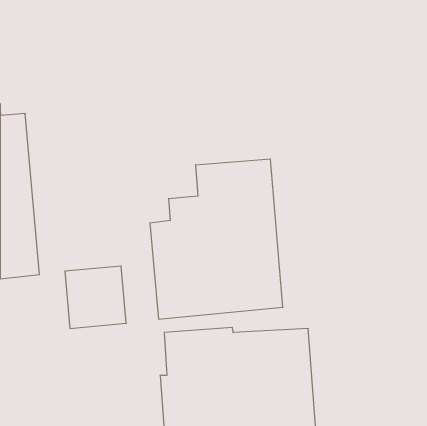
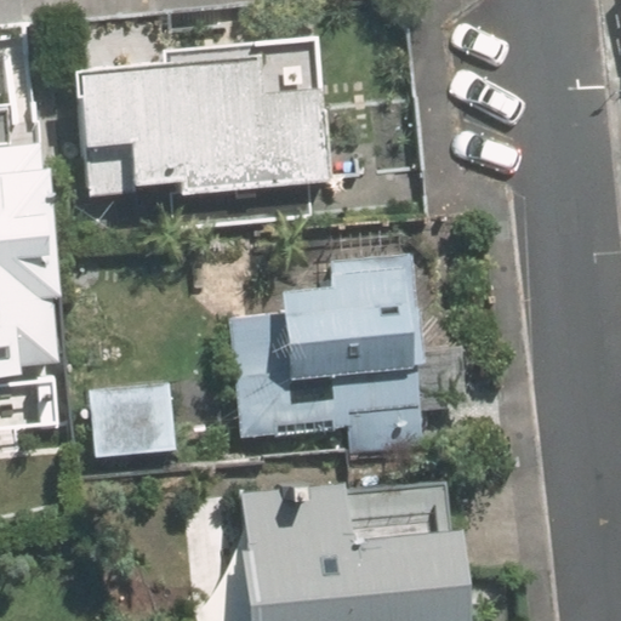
building: none -> [81,59,340,188]

